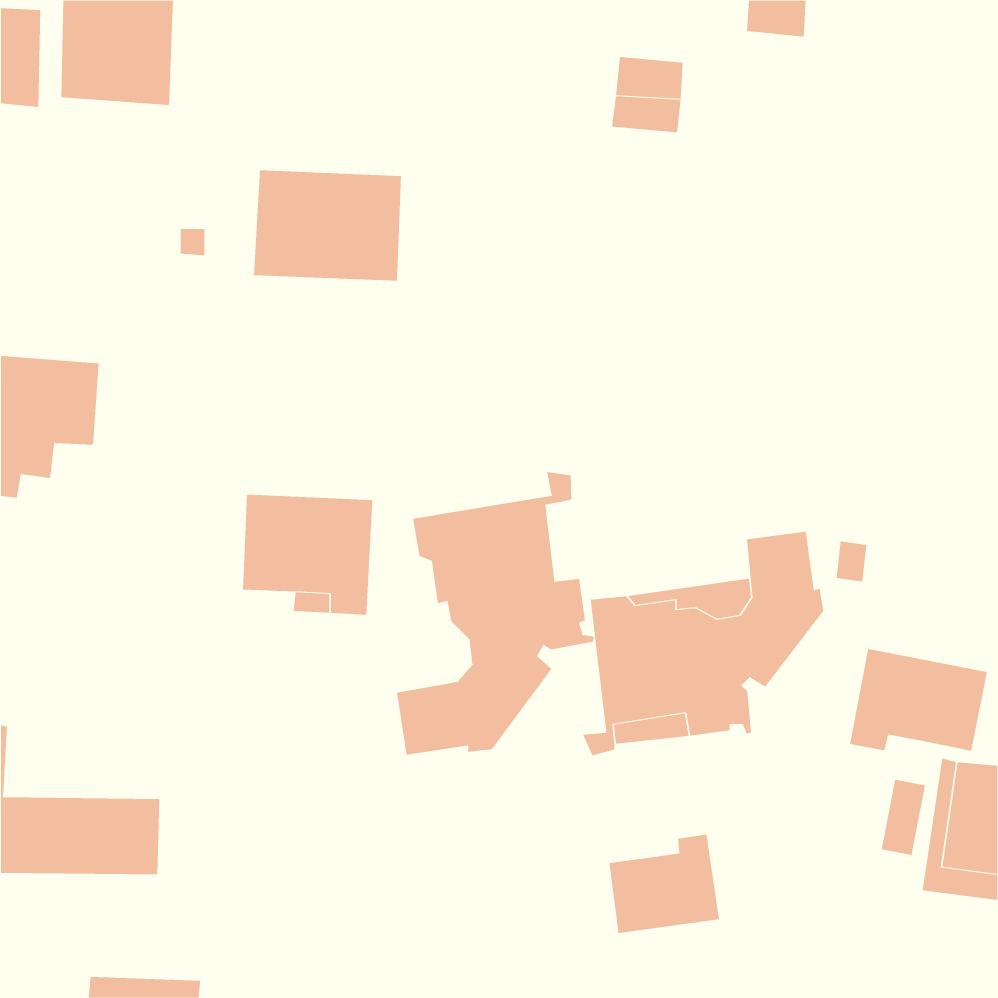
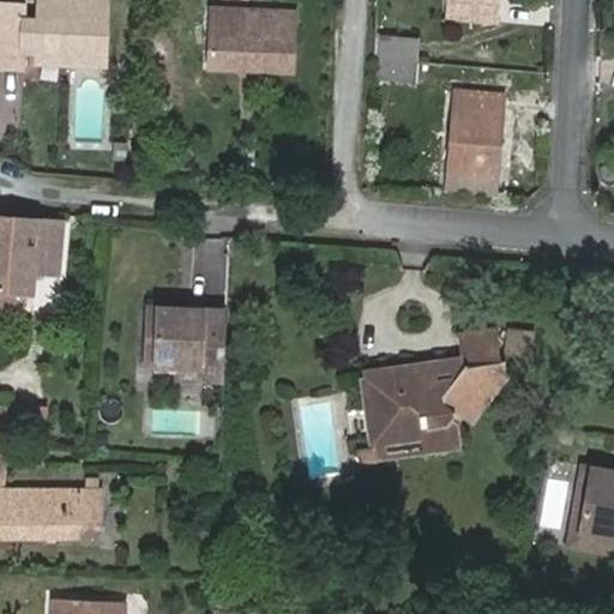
building: none -> [450,95,501,176]
building: [253,170,402,281] -> [206,6,297,74]
building: [397,471,594,755] -> none
building: [850,648,988,751] -> none
building: [609,834,719,934] -> none

